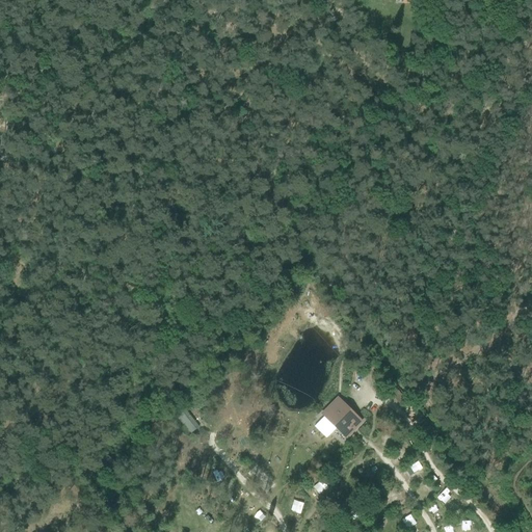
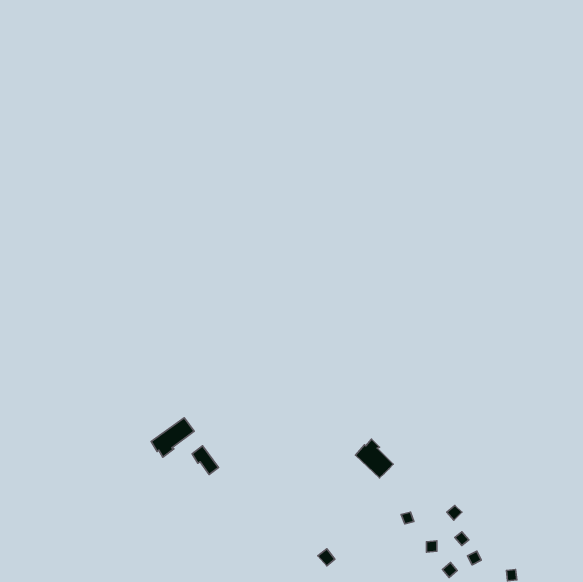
building: none -> [151,418,194,457]

